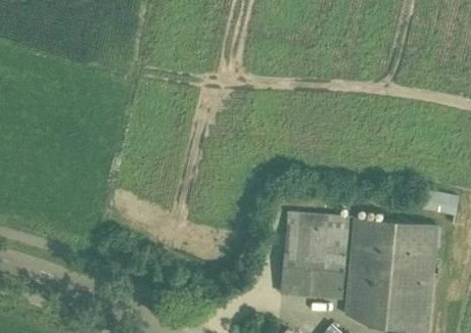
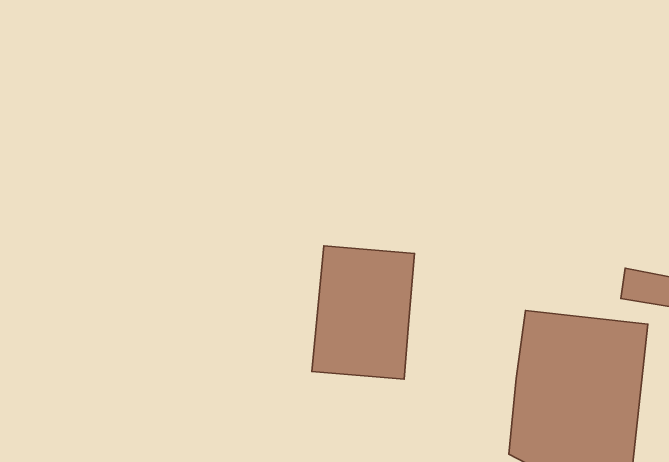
building: [280,210,349,300] -> [312,246,415,379]

